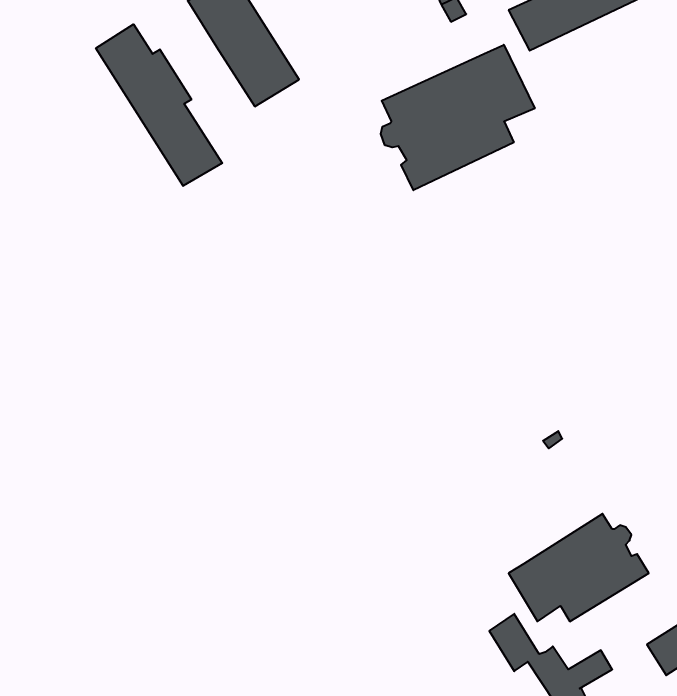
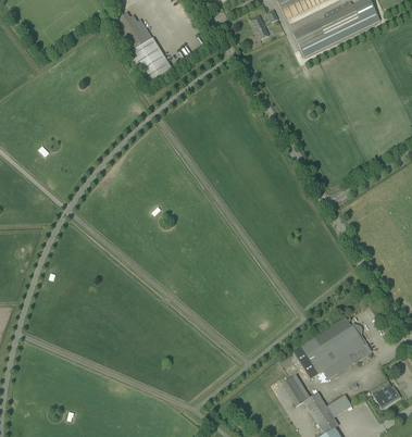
building: [96,24,222,186] -> none
building: [381,45,535,190] -> none

